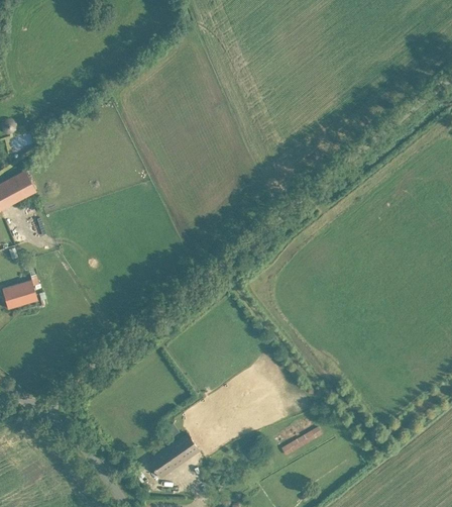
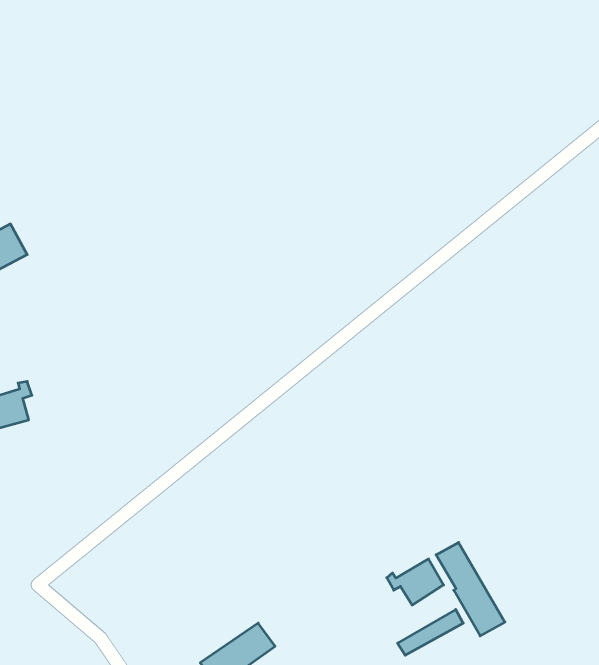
building: none -> [436,542,505,636]
building: none -> [387,559,444,605]

